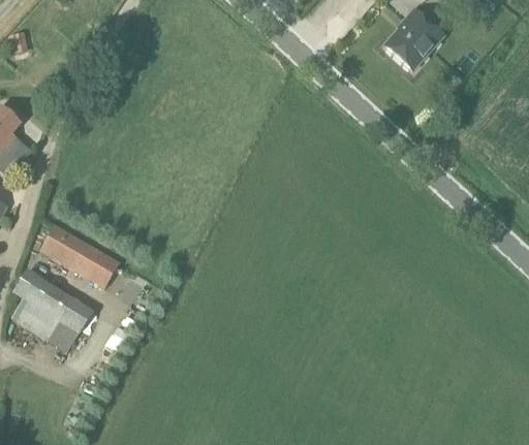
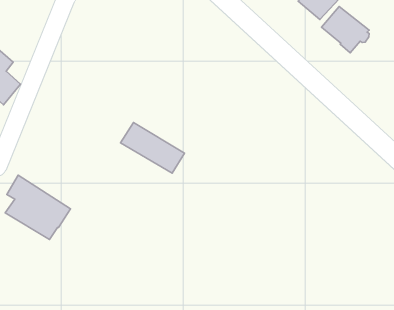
building: none -> [322,6,369,53]
building: [38,223,120,288] -> [121,123,184,173]

